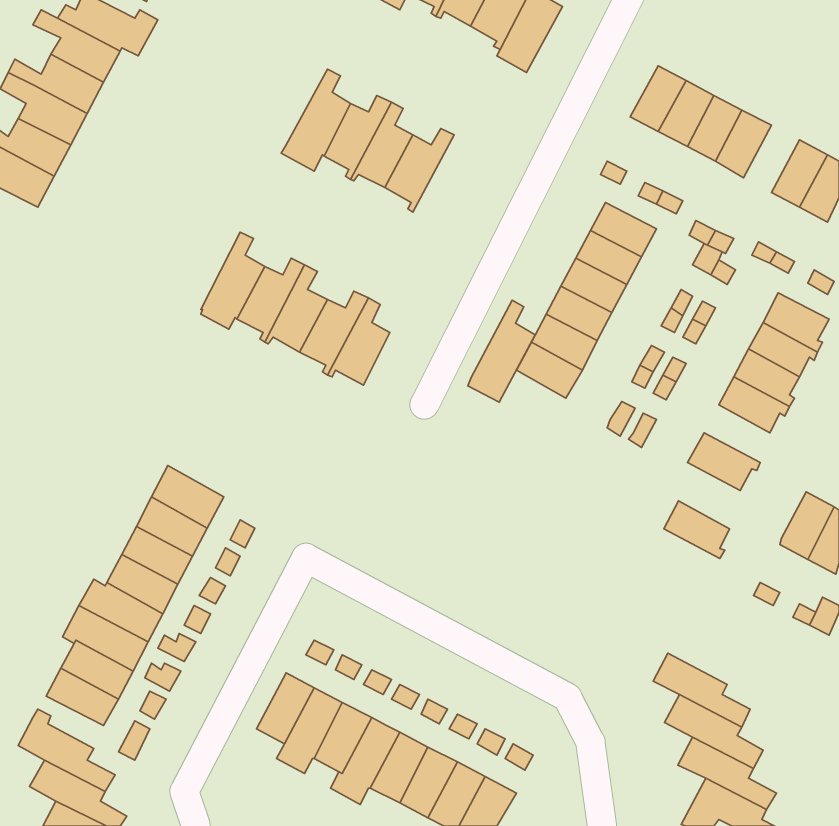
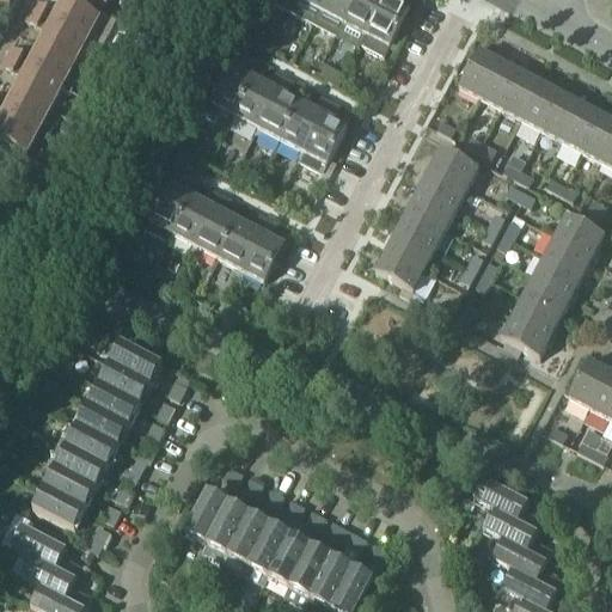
building: none -> [540,91,581,140]
building: [468,300,535,402] -> [298,98,347,172]
building: [664,501,730,558] -> [512,294,559,336]

